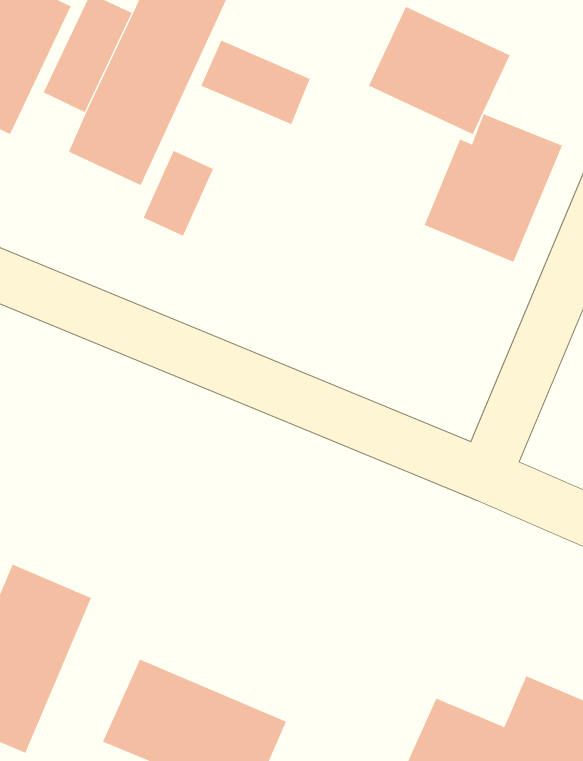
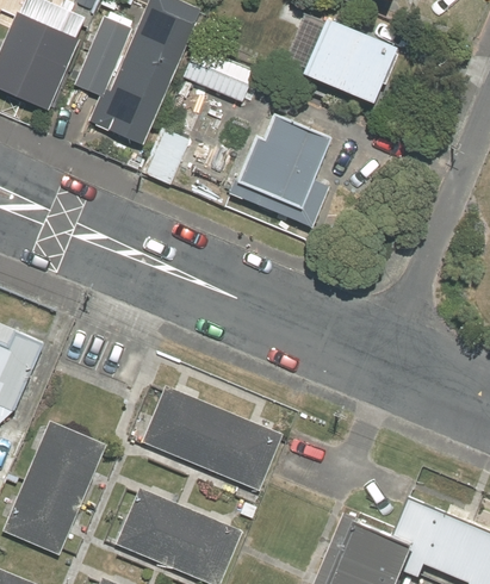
building: [424,113,563,263] -> [234,112,331,217]
building: none -> [141,385,281,490]

